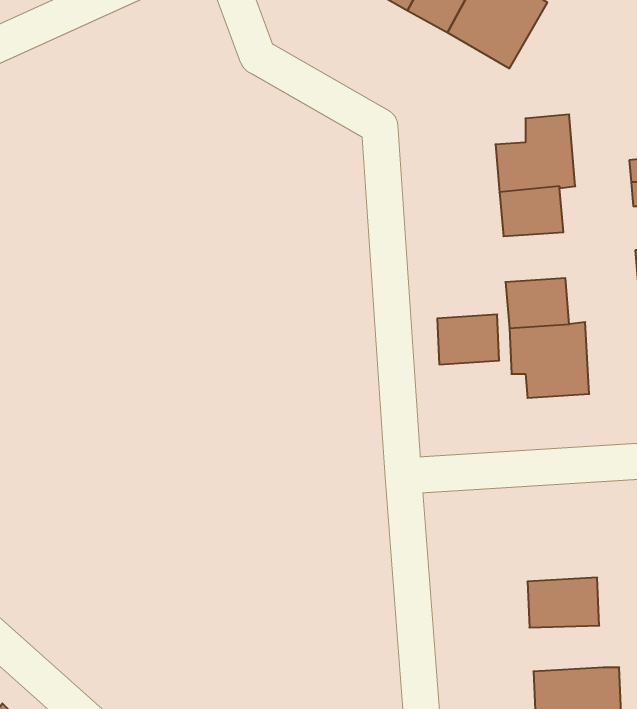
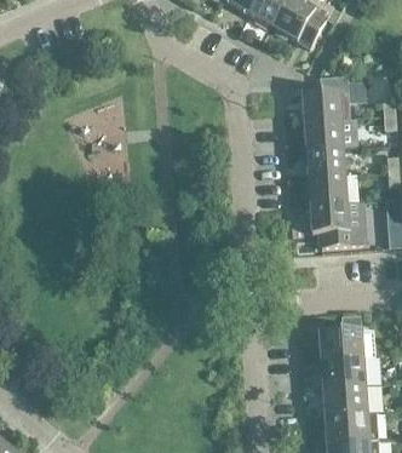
building: [437,314,499,364] -> [306,147,344,177]
building: none -> [318,315,363,359]
building: none -> [322,385,367,413]

